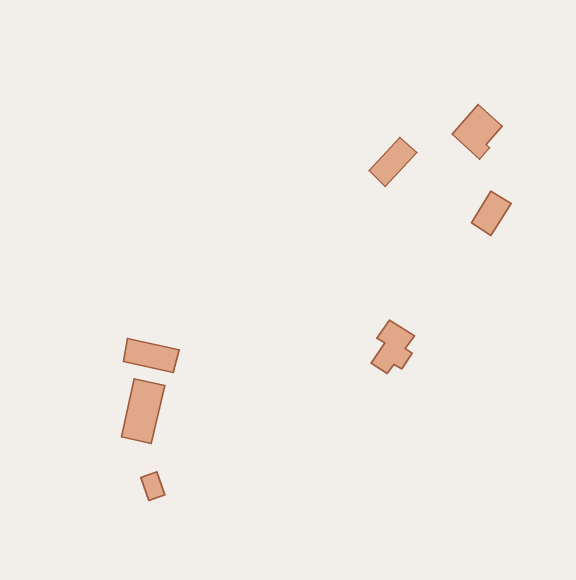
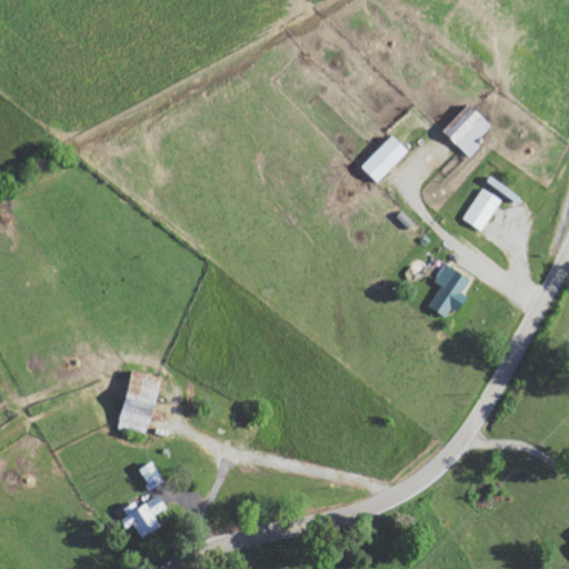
building: [371,320,414,373] -> [427,263,469,316]
building: [123,338,179,373] -> none
building: none -> [117,493,164,538]

